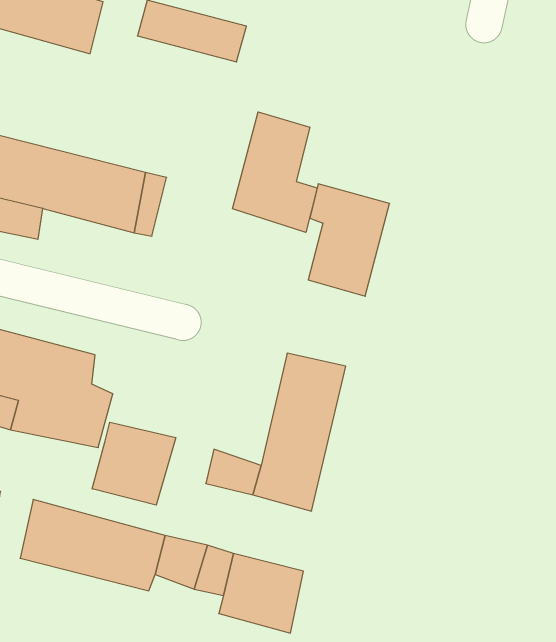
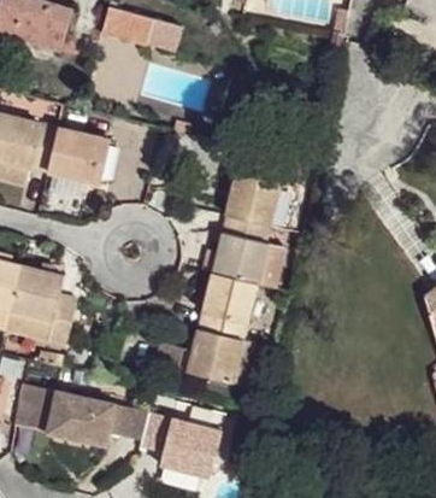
building: [233,112,317,232] -> none
building: none -> [213,218,275,285]
building: [92,422,176,505] -> none

